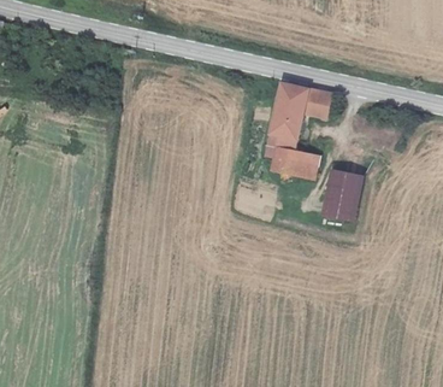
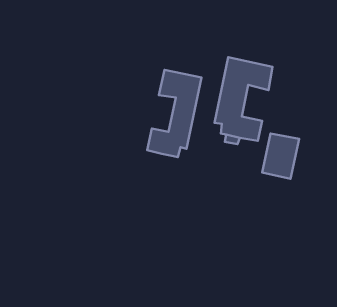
building: none -> [147,70,202,157]

